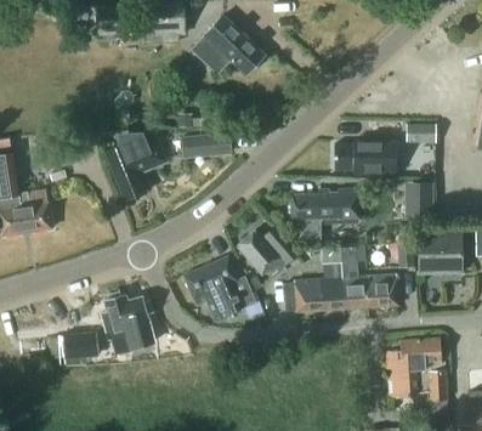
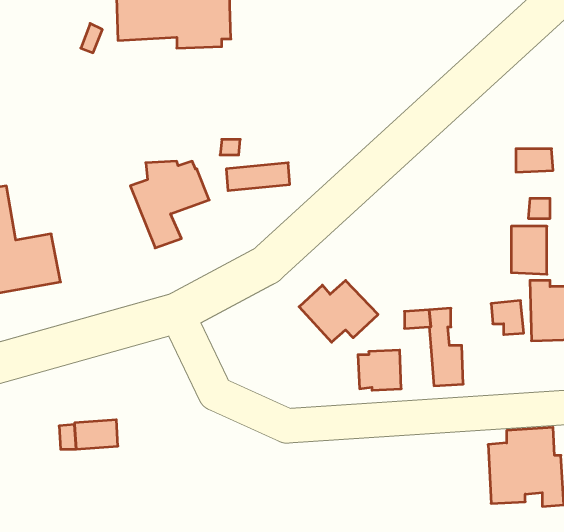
building: [194,15,265,74] -> none
building: [335,140,397,175] -> none
building: [293,189,362,239] -> none
building: [185,256,256,318] -> none
building: [367,273,398,306] -> none
building: [318,277,345,310] -> none
building: [100,295,153,348] -> none

